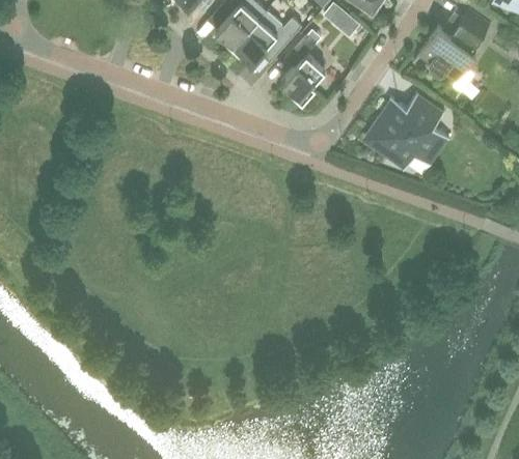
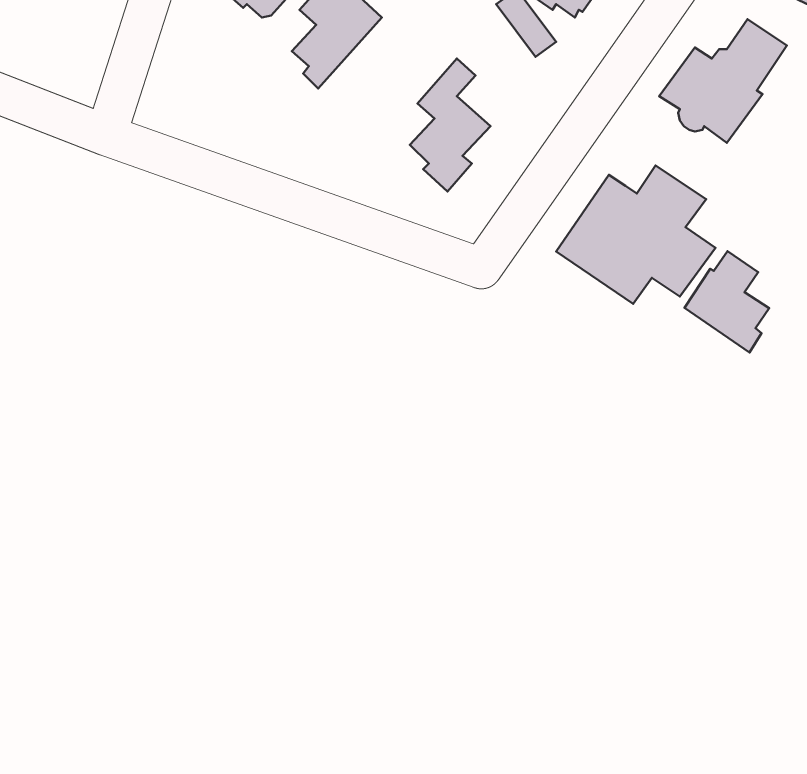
building: [229,11,291,63] -> none
building: none -> [684,251,769,352]

